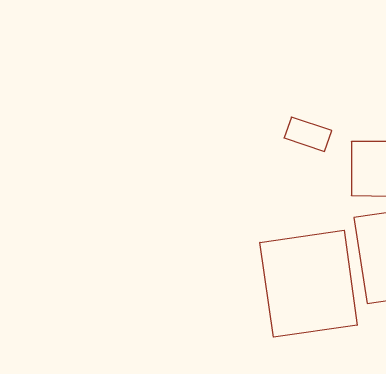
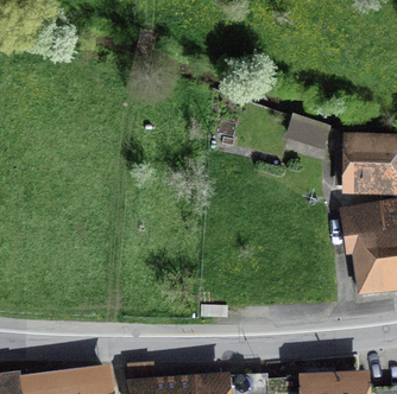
building: [260,230,357,337] -> none

